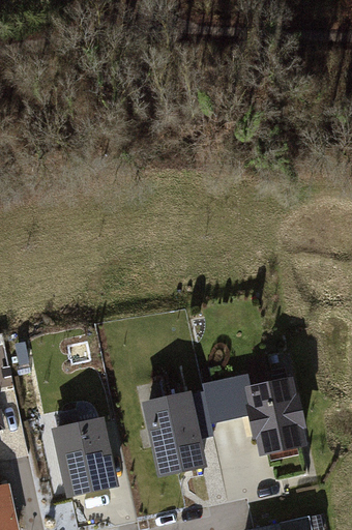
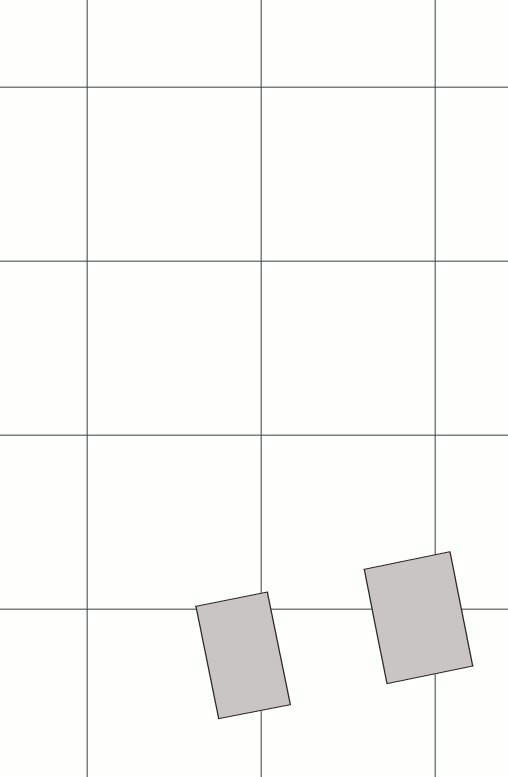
building: [207,385,250,423] -> none
building: [56,420,111,492] -> none

